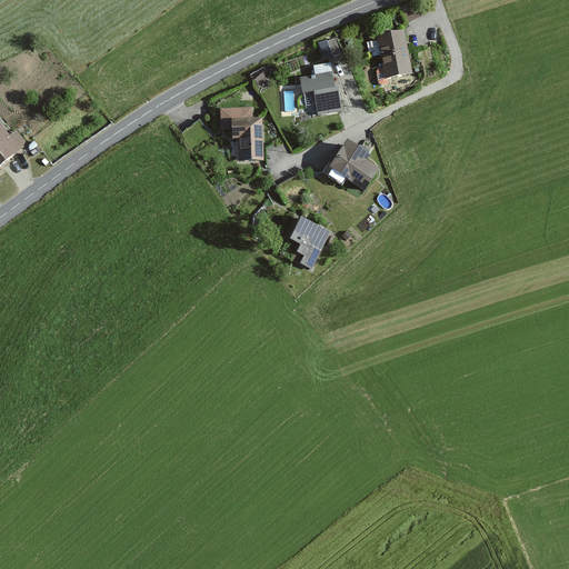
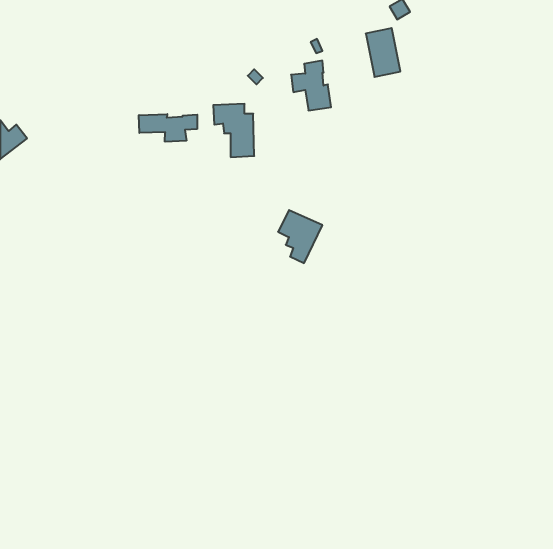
building: none -> [139,114,197,142]
building: [327,140,376,190] -> none

